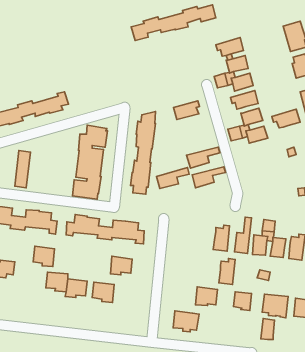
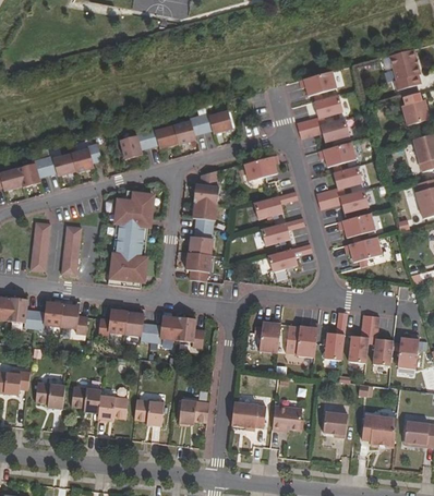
building: [131,5,216,41] -> [120,111,233,159]
building: [272,109,300,128] -> [338,213,376,238]
building: none -> [61,226,82,276]
building: none -> [345,237,383,263]
building: [157,168,189,189] -> [254,191,298,219]
building: [33,246,54,267] -> [36,382,64,409]
building: [110,256,132,275] -> [180,398,209,423]
building: [219,259,235,285] -> [260,318,281,353]
building: [173,311,199,332] -> [232,402,267,431]
building: [261,319,275,340] -> none

